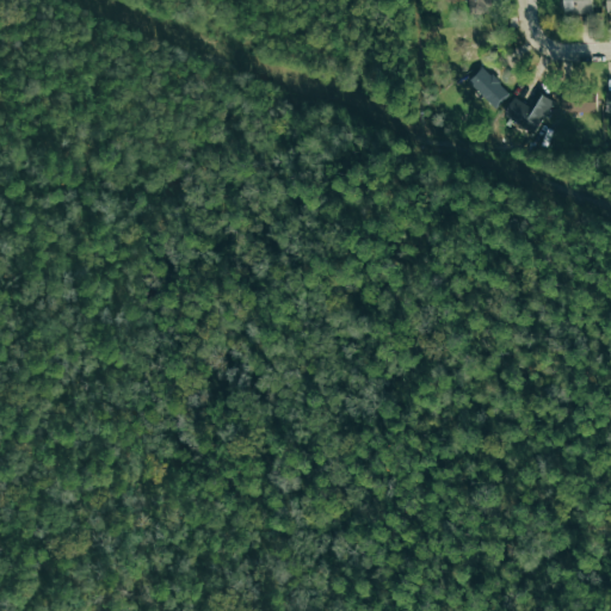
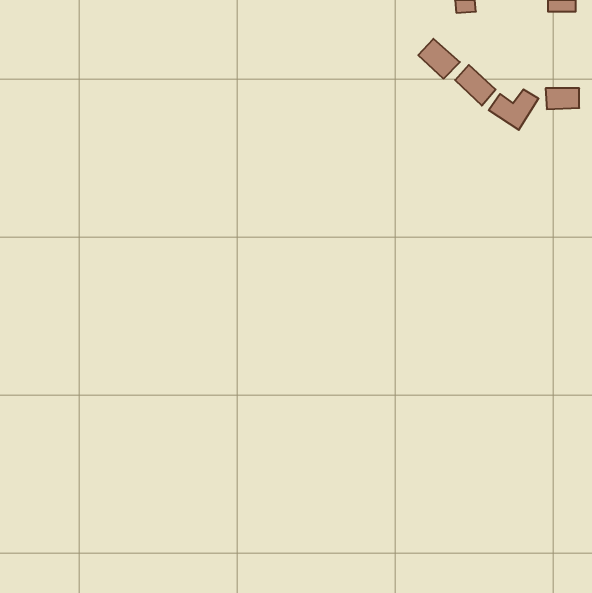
building: none -> [418,39,460,79]

